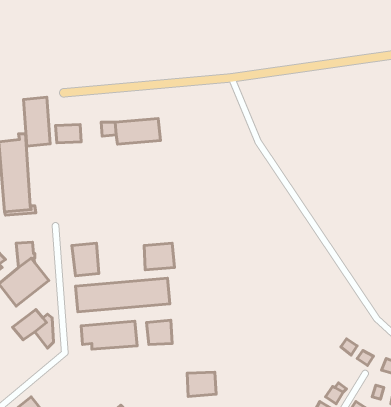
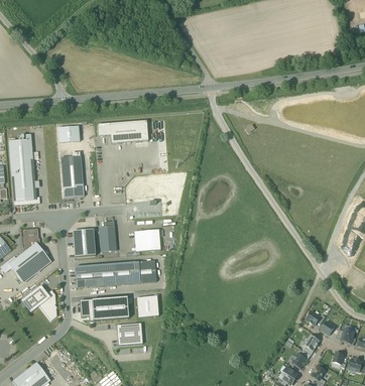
building: [23,97,50,146] -> [60,155,84,198]
building: none -> [99,226,116,252]
building: [187,372,216,397] -> [117,323,142,344]

